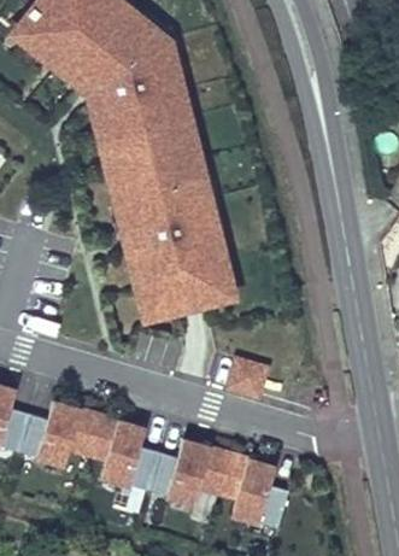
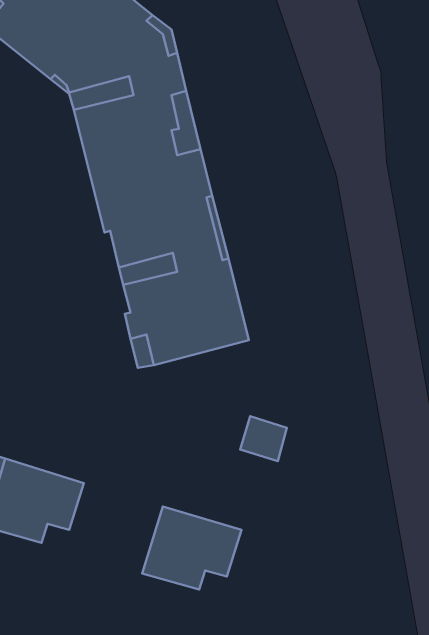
building: [88,415,165,490] -> none
building: [218,453,289,528] -> none

